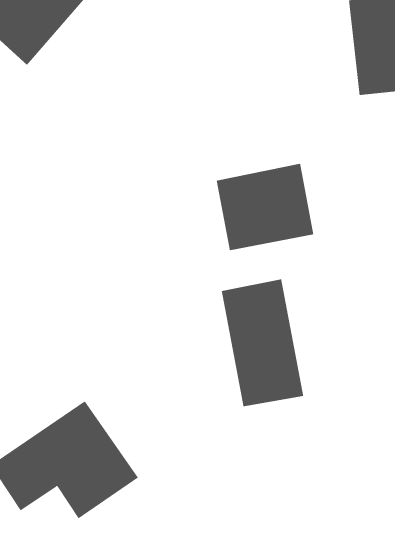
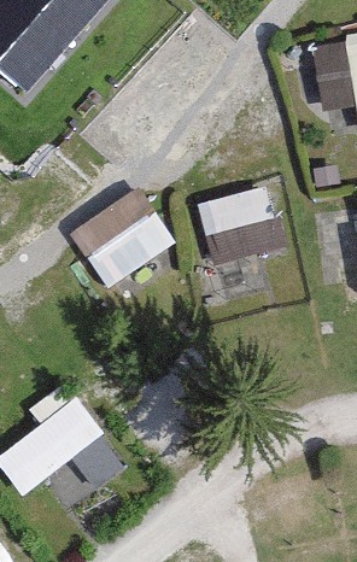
building: none -> [71,187,174,286]
building: [221,278,304,407] -> none

